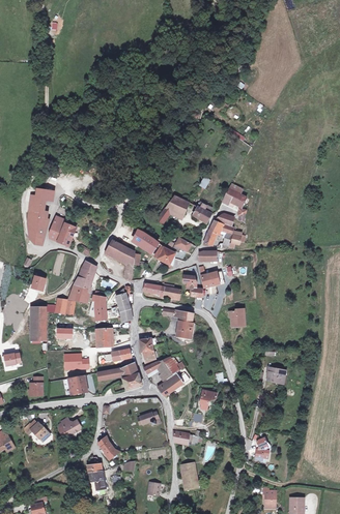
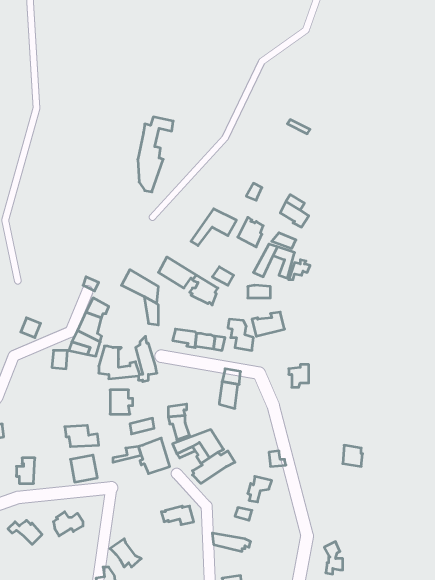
building: [30,188,56,243] -> [138,117,173,192]
building: [50,216,76,245] -> none
building: [29,308,45,341] -> none

